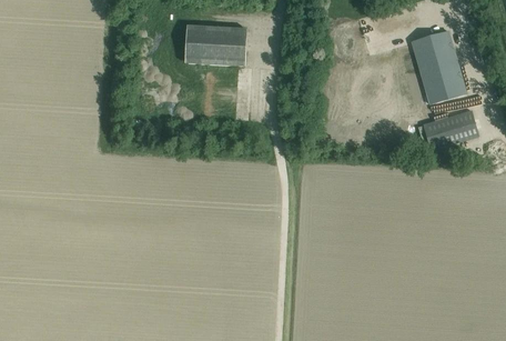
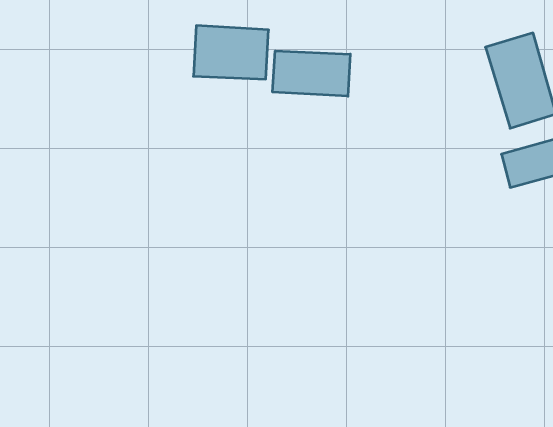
building: none -> [273,51,350,96]

